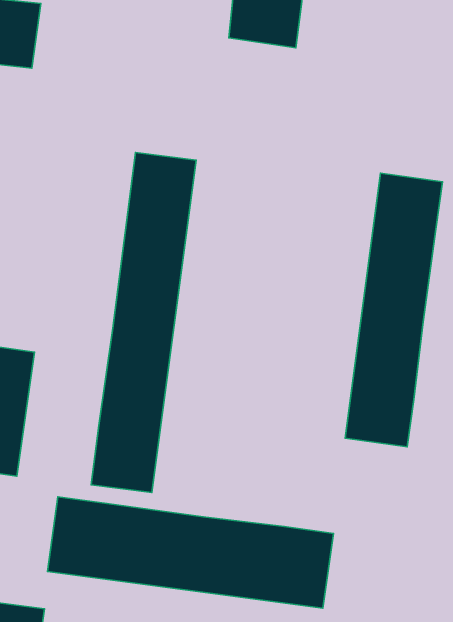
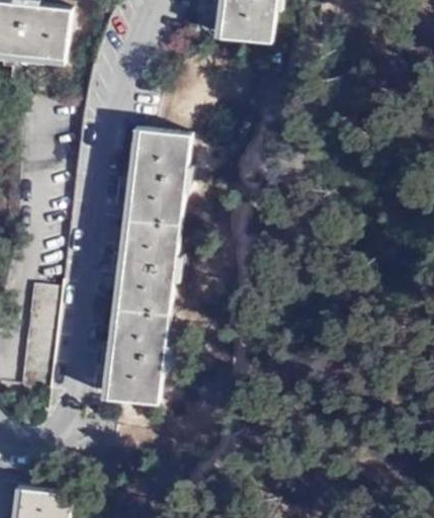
building: [345,173,443,447] -> none
building: [47,497,333,608] -> none

